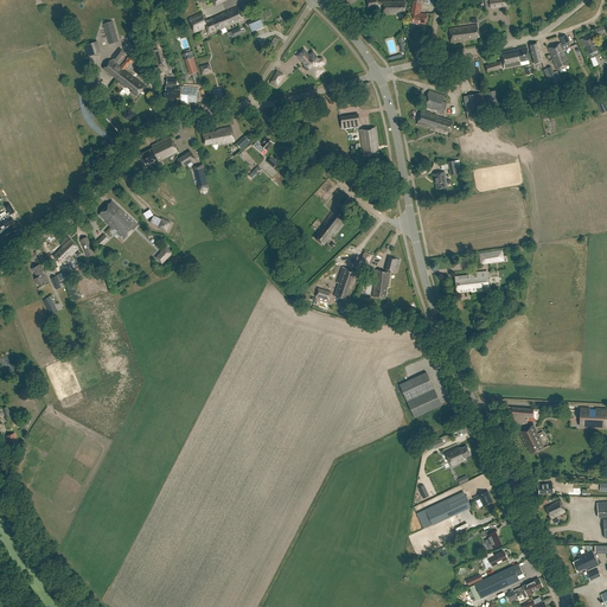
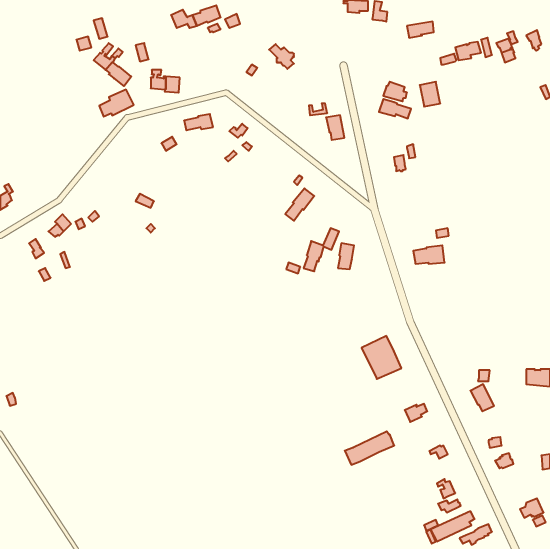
building: [141,135,179,165] -> [99,90,134,117]
building: [100,199,138,238] -> none
building: [416,491,471,528] -> [345,431,394,465]

